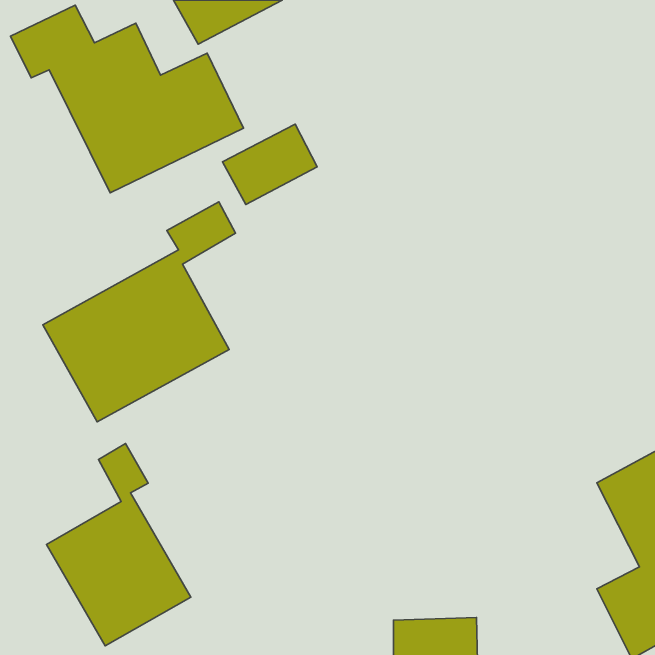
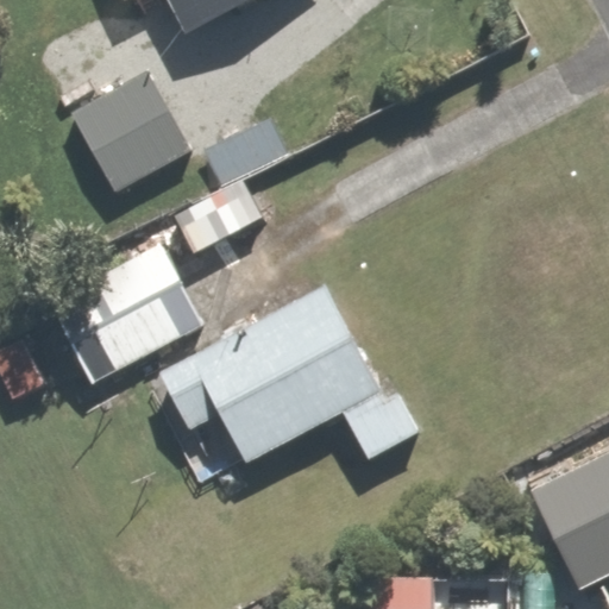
building: none -> [159,282,435,472]
building: [47,444,191,646] -> none

